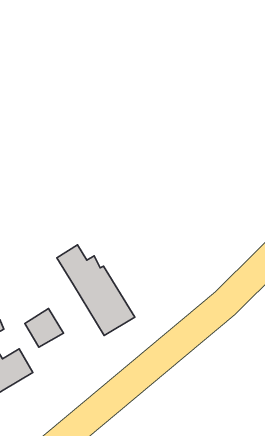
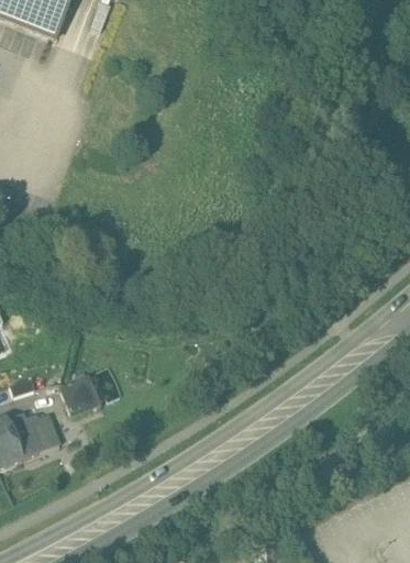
building: [57,245,135,335] -> none

